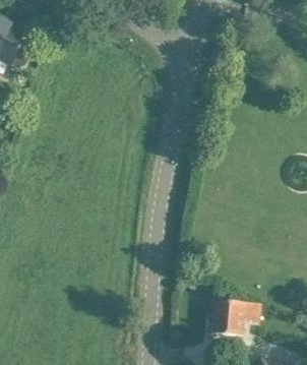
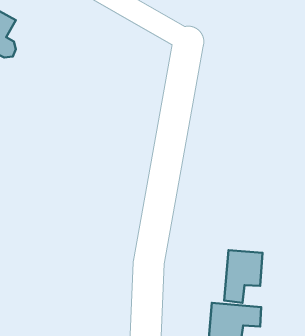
building: none -> [224,250,263,303]

